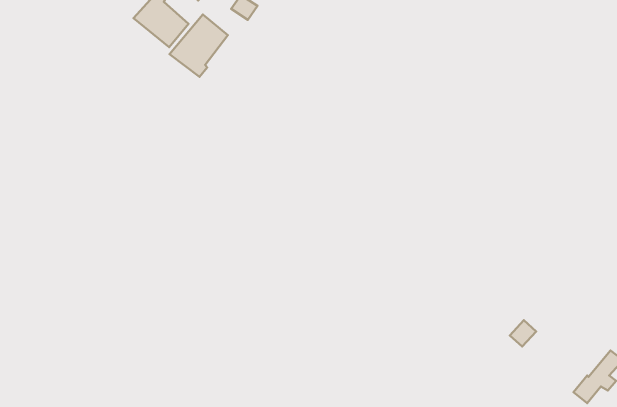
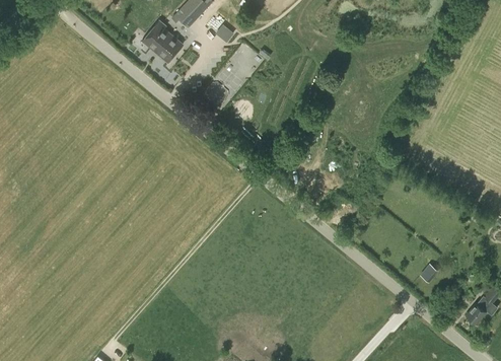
building: [170,15,228,77] -> none

